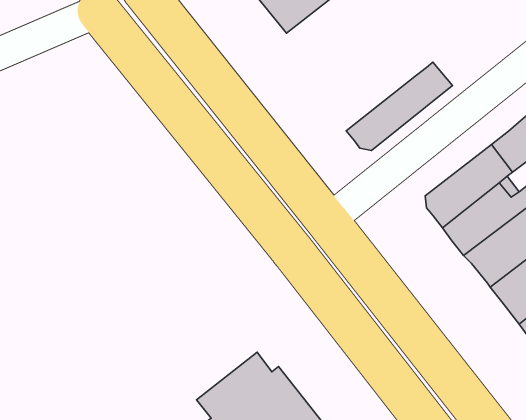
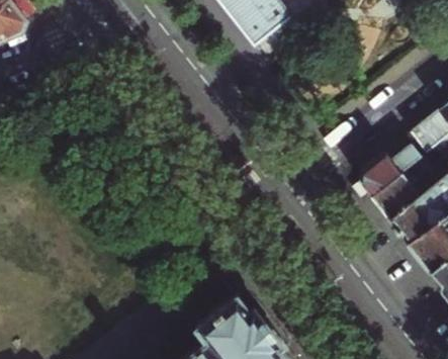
building: [346,62,453,150] -> none

